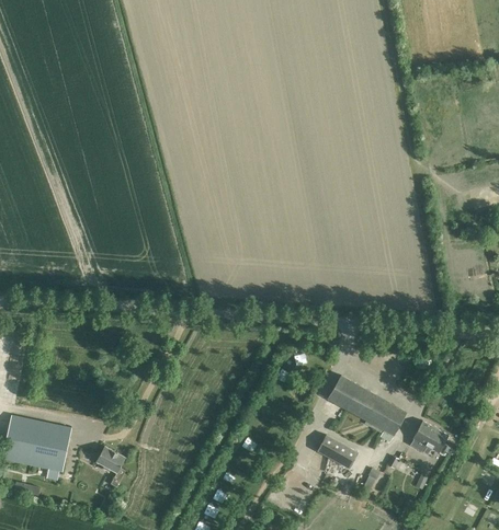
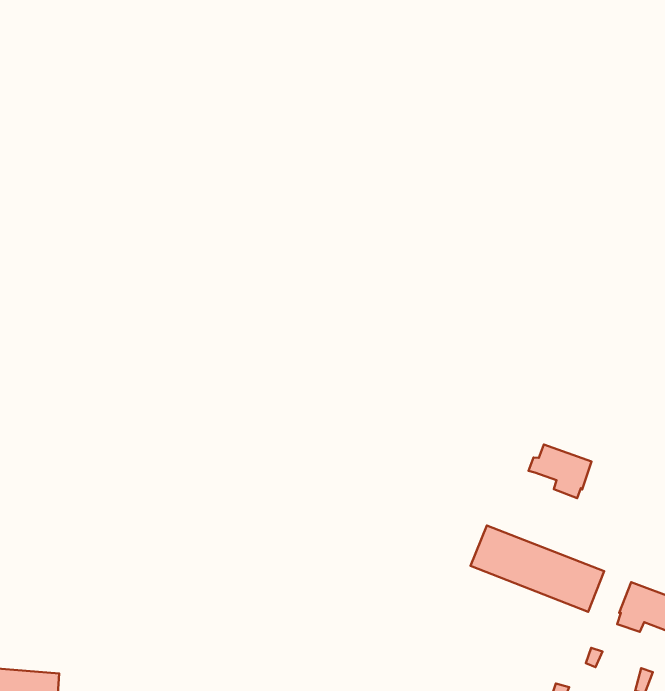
building: none -> [528,445,591,498]
building: [316,435,356,468] -> none

